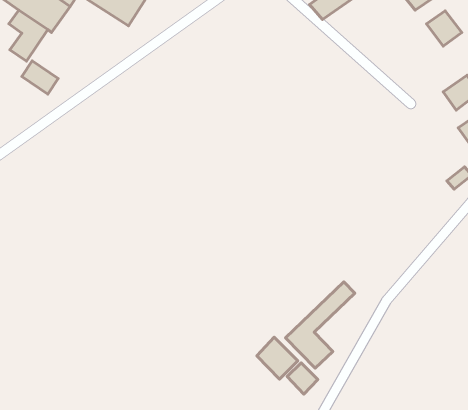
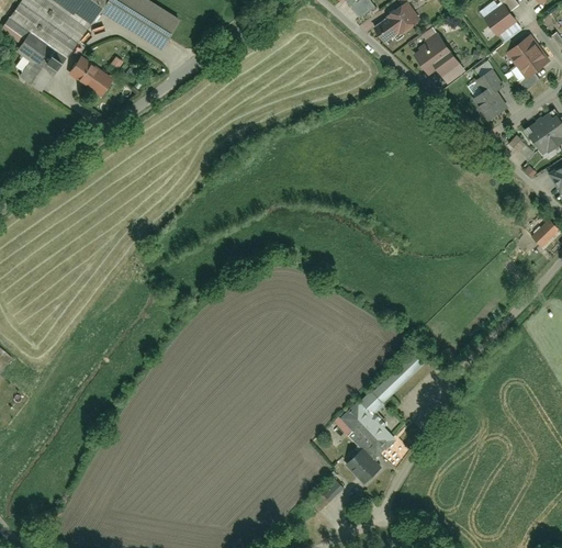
building: none -> [413,36,465,80]
building: none -> [472,68,509,118]
building: [22,61,58,94] -> [68,57,111,97]
building: [257,337,298,379] -> none

